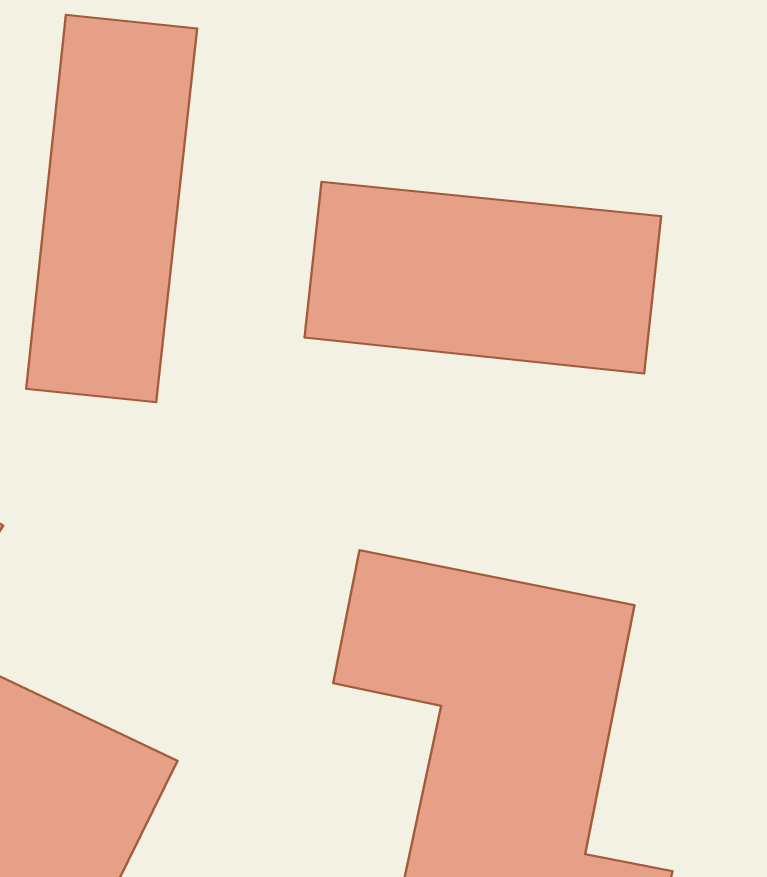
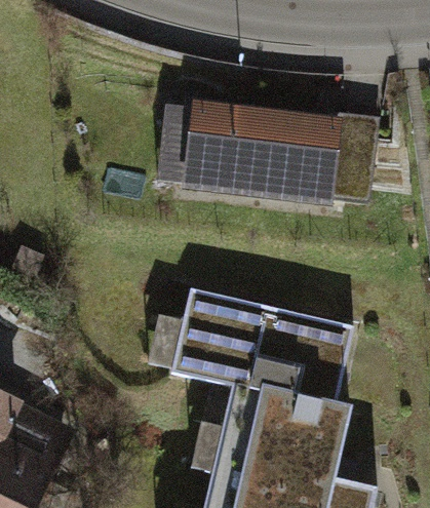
building: [26,15,197,402] -> none

